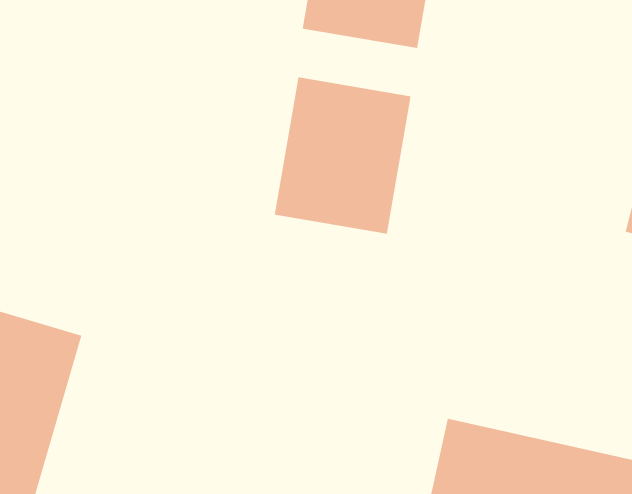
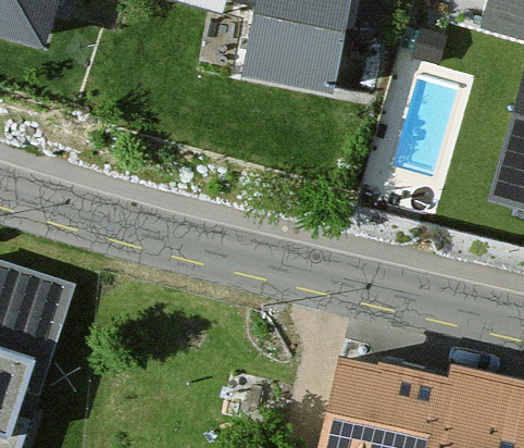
building: [274,76,411,234] -> none

